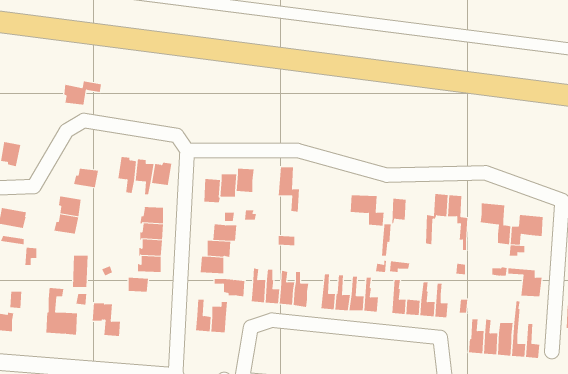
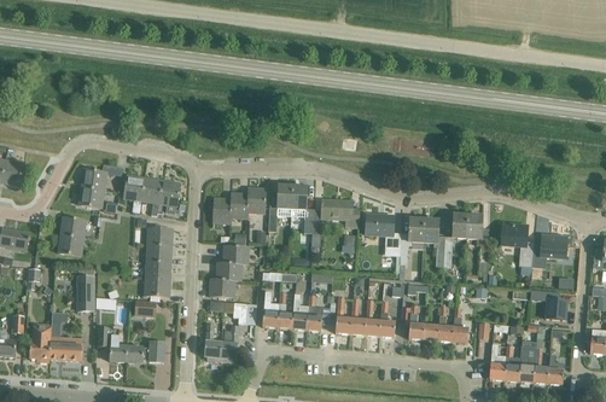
building: [63,81,102,105] -> [82,164,122,190]
building: none -> [268,185,292,231]
building: none -> [321,199,359,226]
building: none -> [423,220,444,266]
building: none -> [29,326,51,359]
building: none -> [126,340,164,362]

